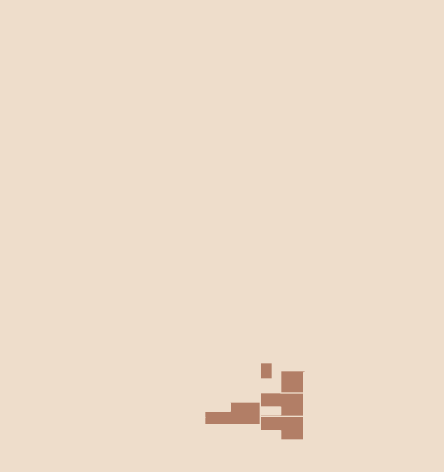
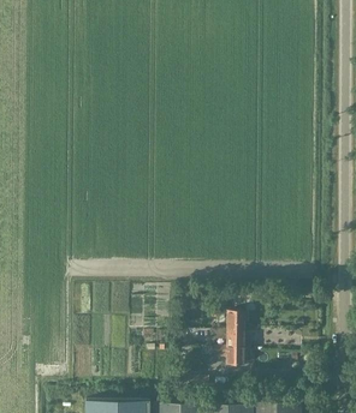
building: [205,402,260,425] -> none

